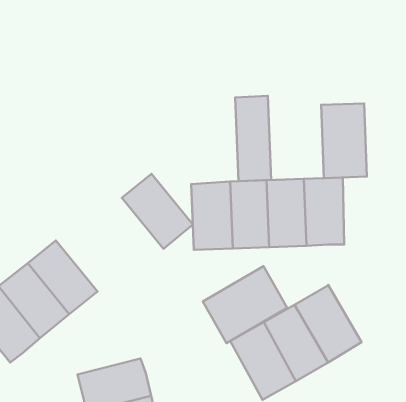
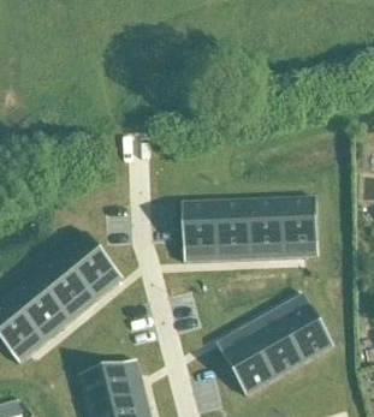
building: [235,96,271,181] -> none
building: [321,103,367,178] -> none
building: [122,174,193,249] -> [59,231,123,298]
building: [203,266,287,343] -> none

